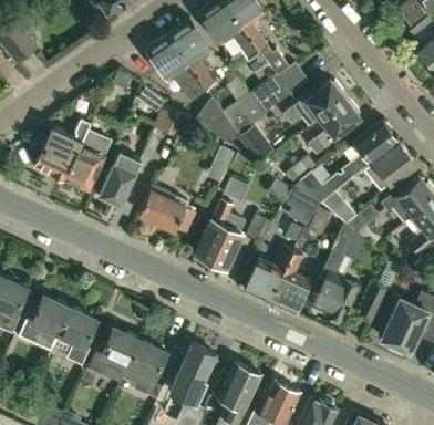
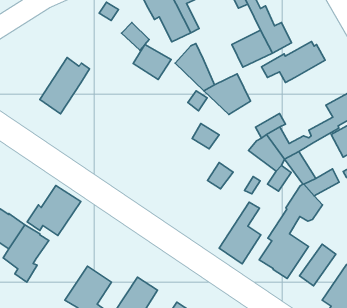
building: [225,94,268,137] -> none
building: [309,95,360,153] -> none
building: [30,121,91,179] -> none
building: [100,148,144,205] -> none
building: [141,189,197,232] -> none
building: [197,199,245,269] -> none
building: [245,245,293,301] -> none
building: [90,328,141,377] -> [27,186,81,235]

